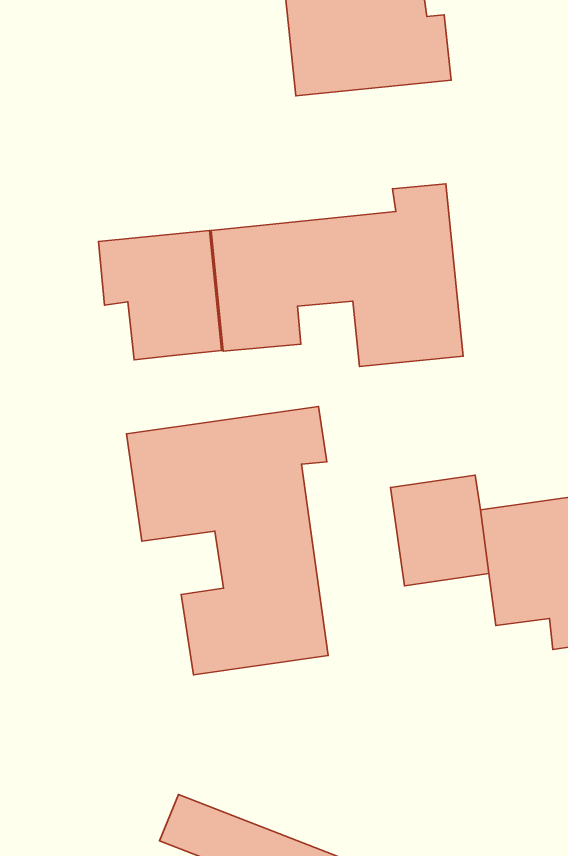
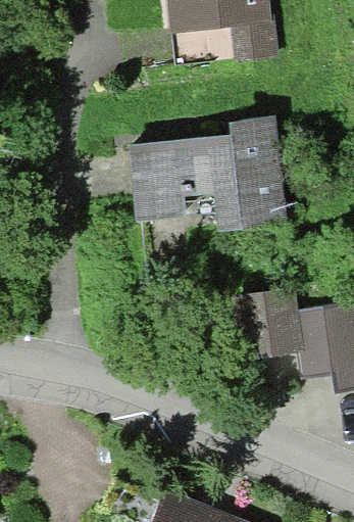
building: [98,230,221,360] -> none
building: [126,407,328,675] -> none

